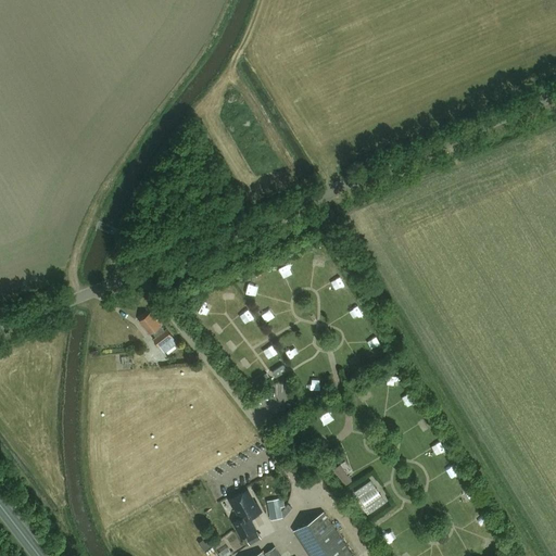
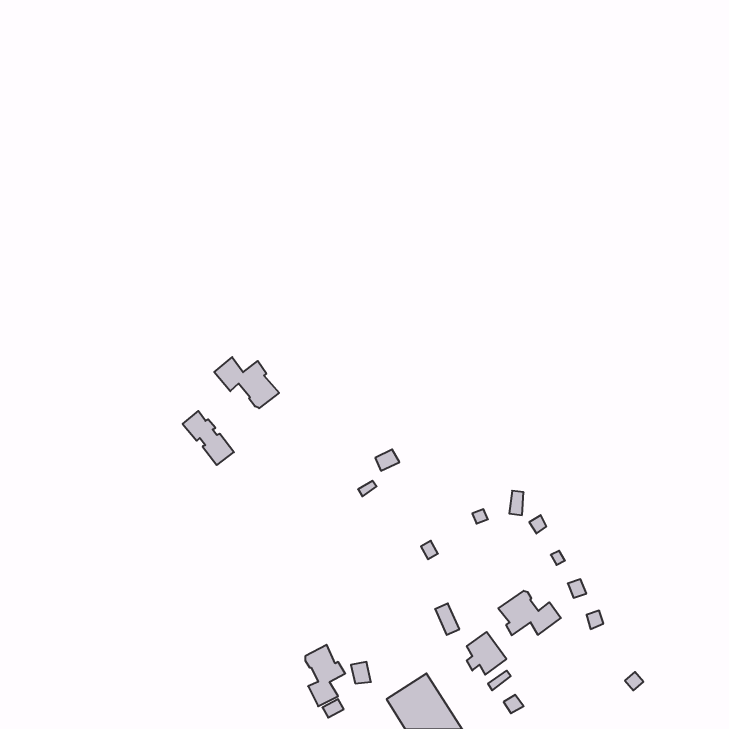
building: none -> [214,357,279,408]
building: none -> [498,591,561,635]

